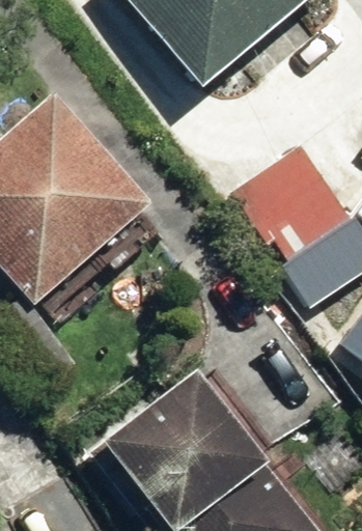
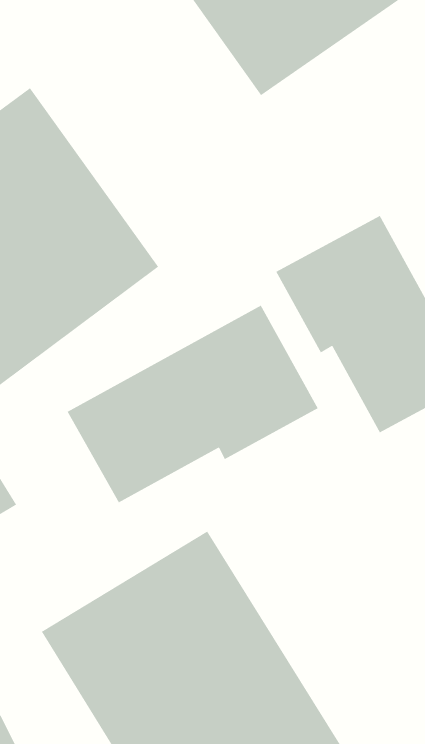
building: none -> [66,305,319,504]

